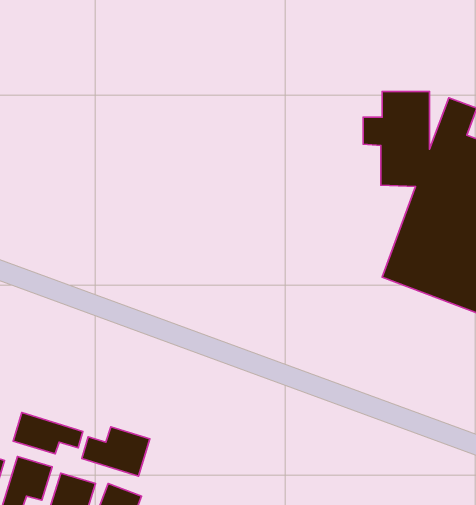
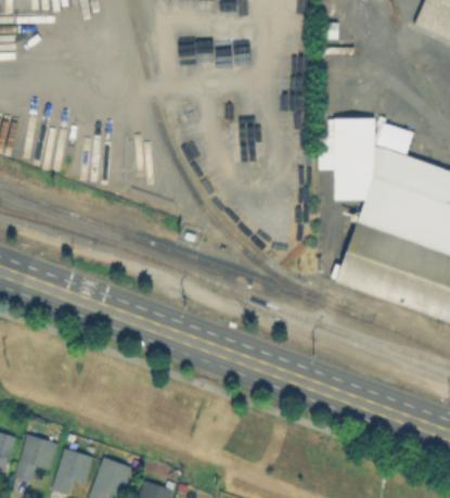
building: [13,413,83,454] -> none
building: [82,427,150,476] -> none

